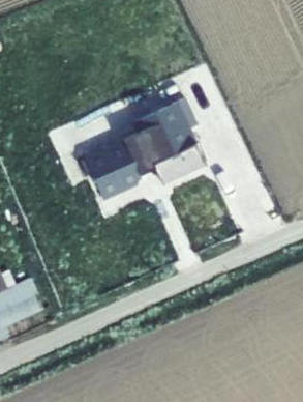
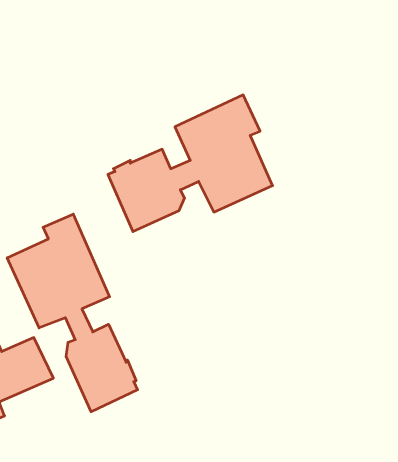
building: none -> [7,214,138,412]

